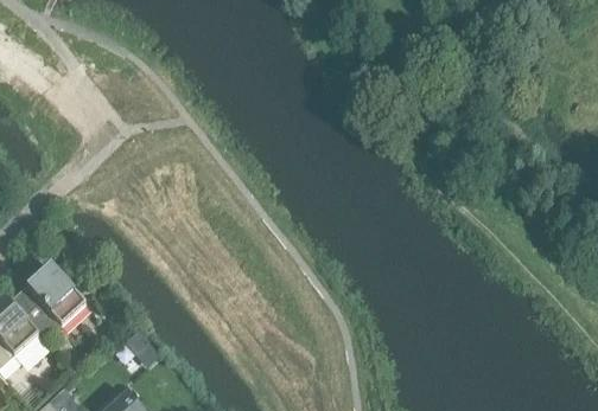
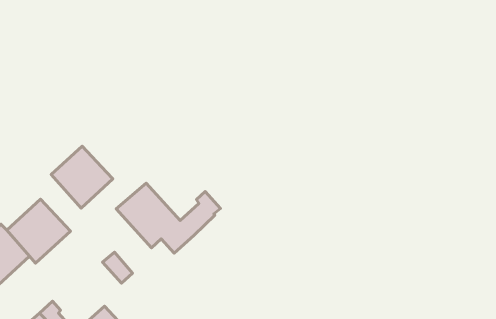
building: none -> [51,146,113,208]
building: none -> [116,183,220,253]

